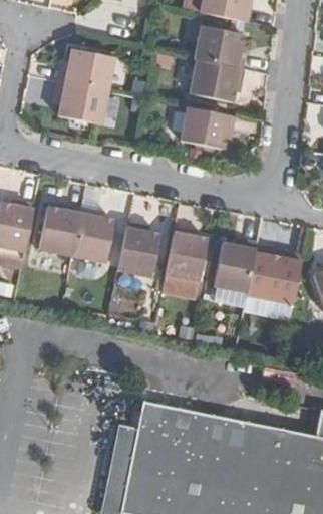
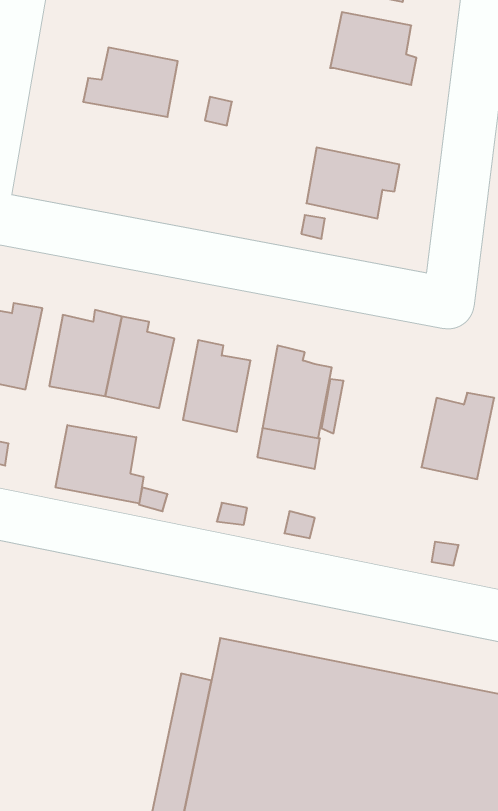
building: [200,62,255,104] -> none
building: [55,82,108,125] -> none
building: [213,241,256,293] -> none
building: none -> [56,425,143,503]

